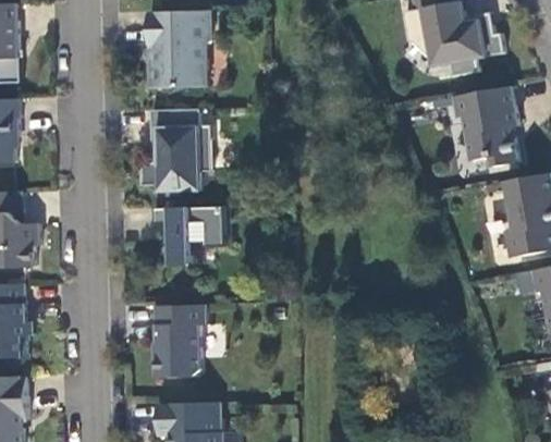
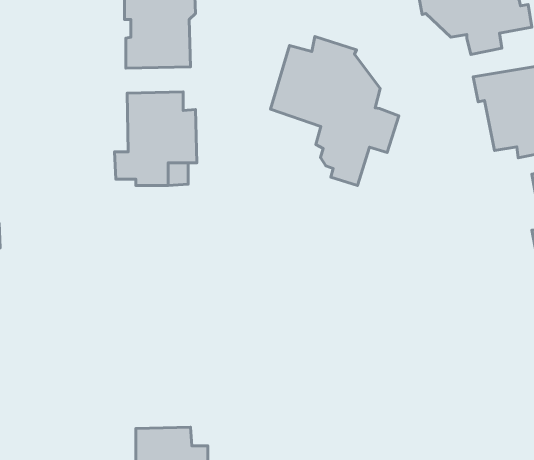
building: none -> [270,37,399,186]
building: [154,206,229,263] -> none
building: [155,304,207,376] -> none

